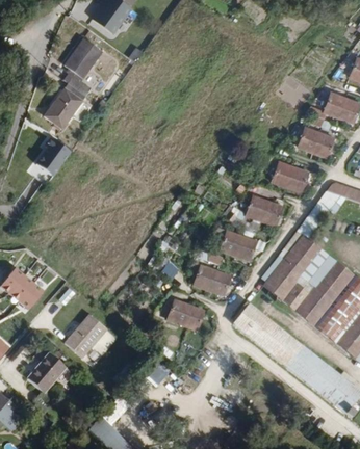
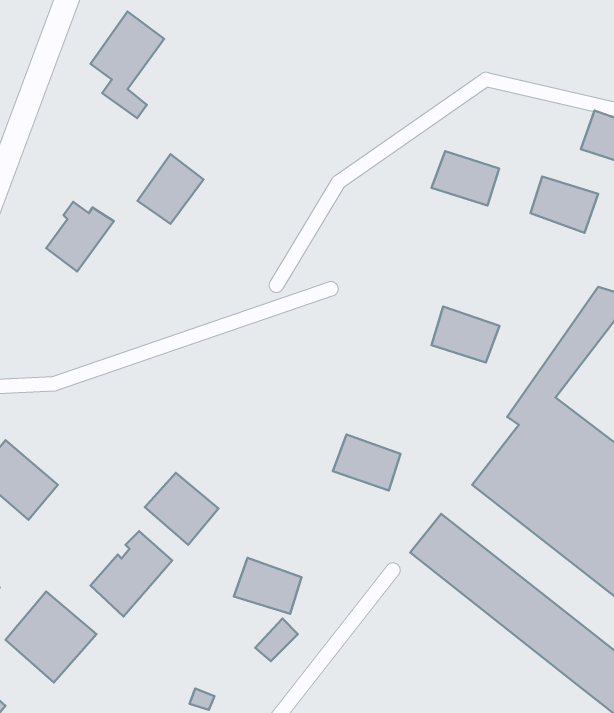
building: [45,87,80,125] -> [138,154,203,224]
building: [271,160,307,189] -> [431,151,499,205]
building: [218,228,255,257] -> none
building: none -> [145,473,218,545]
building: [164,297,201,327] -> [234,558,302,614]

